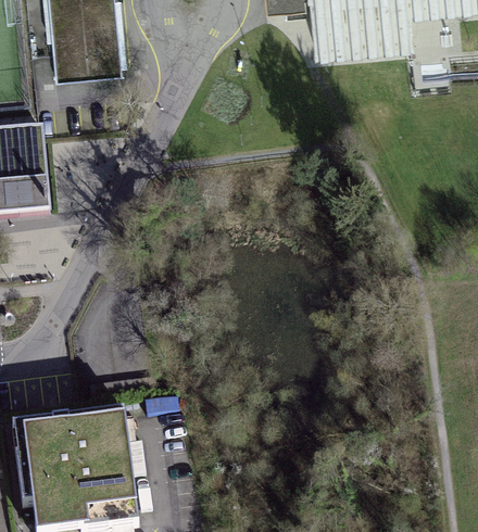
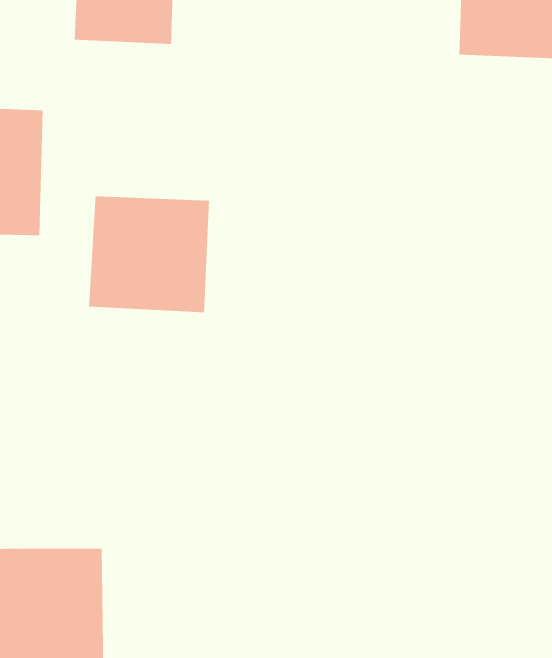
building: none -> [88,196,209,313]

